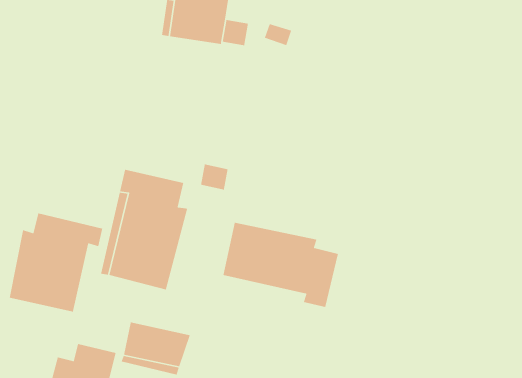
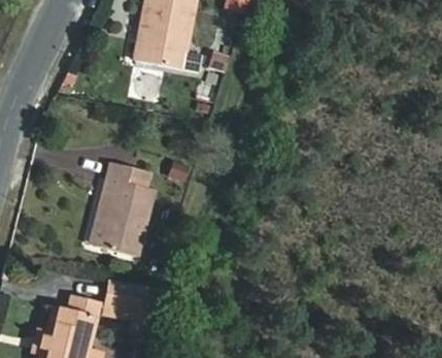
building: [9,213,103,312] -> none
building: [223,222,339,308] -> none

